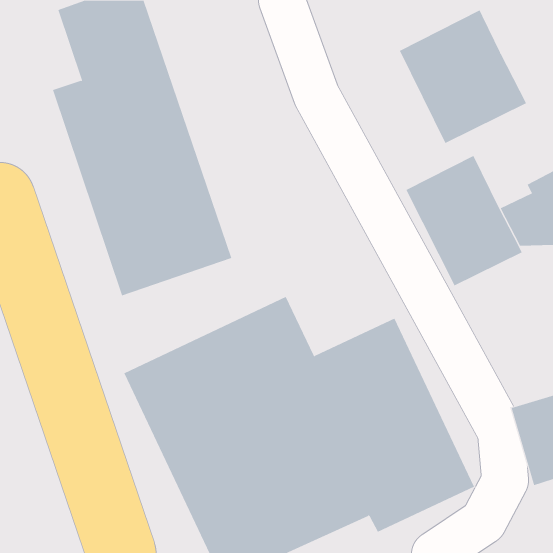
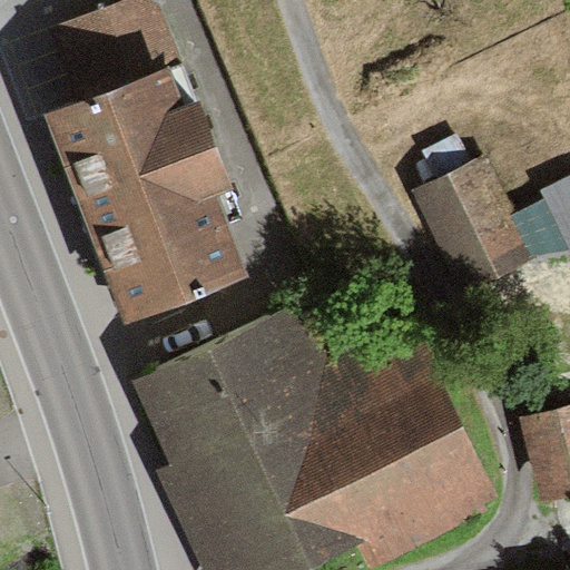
building: [399,10,527,144] -> none

